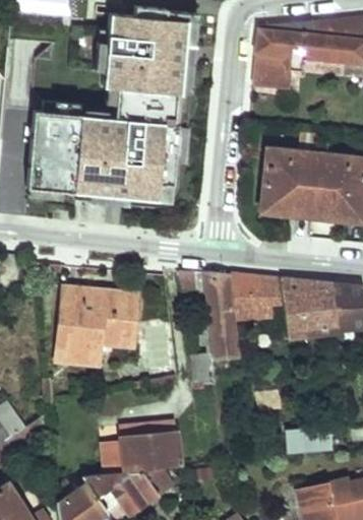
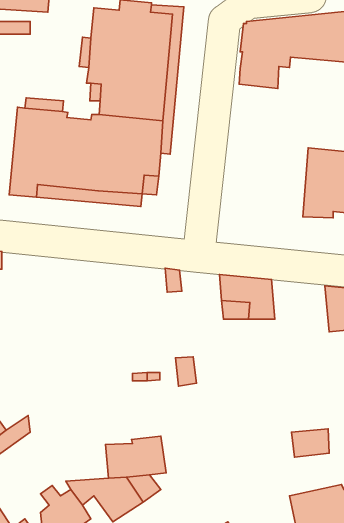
building: [262,146,318,217] -> none
building: [203,270,235,360] -> none
building: [283,278,340,341] -> none
building: [56,282,137,360] -> none

